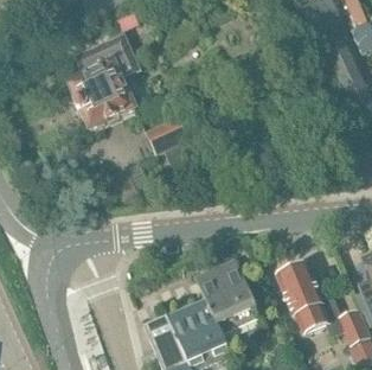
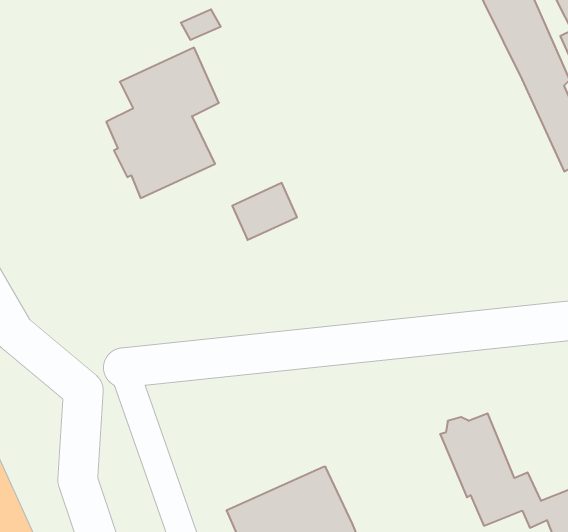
building: [194,257,259,331] -> none

